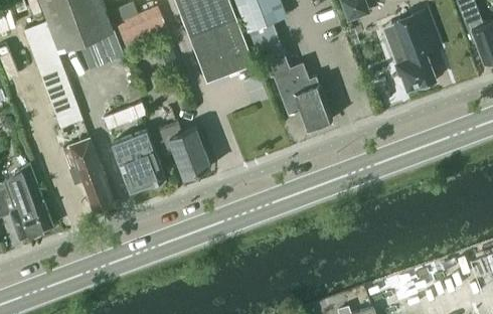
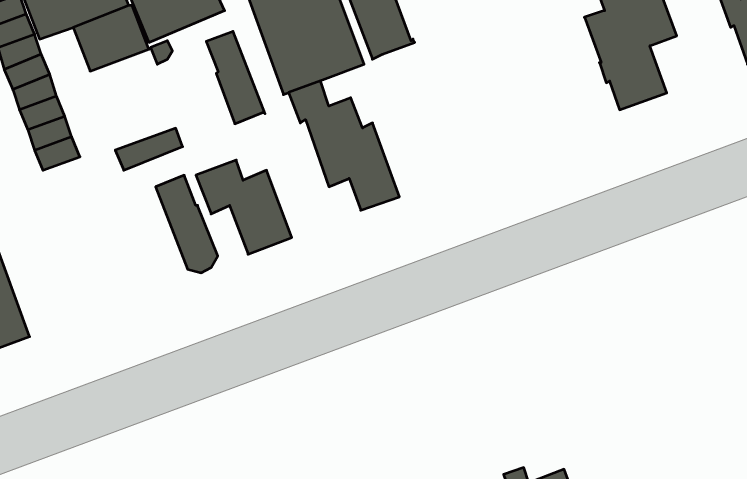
building: [265,52,331,130] -> [289,81,399,210]
building: [113,139,148,194] -> [206,31,265,124]
building: [62,140,113,210] -> none

